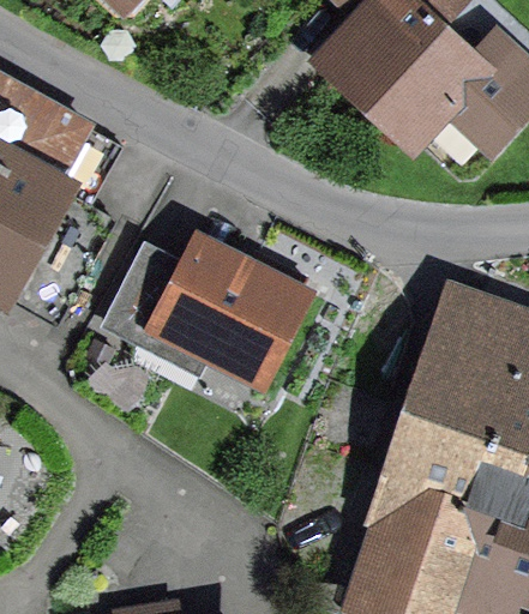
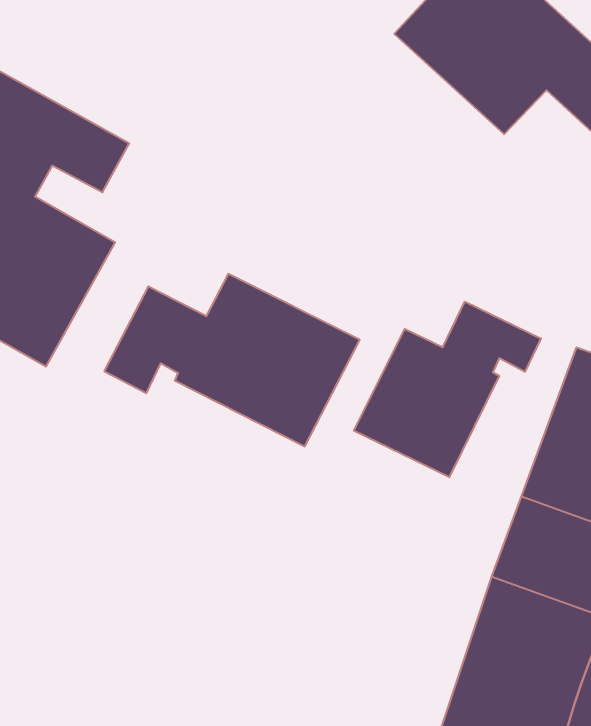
building: none -> [354,302,541,477]

